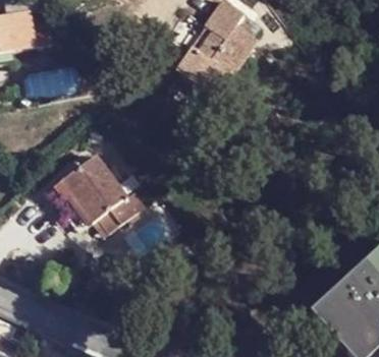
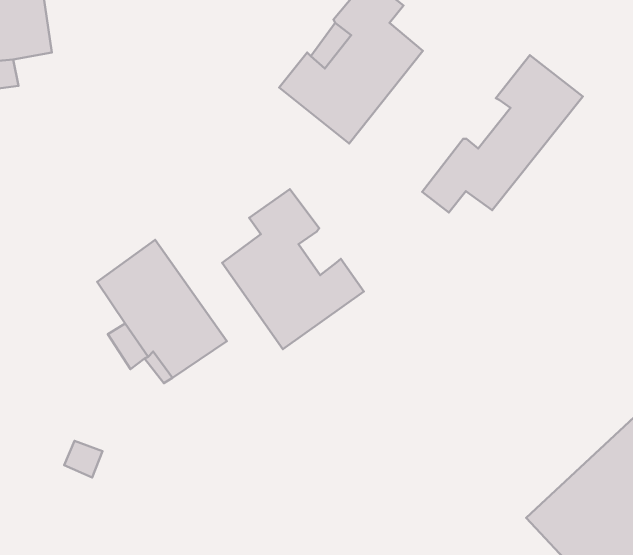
building: none -> [422,55,583,213]
building: none -> [222,189,364,349]

